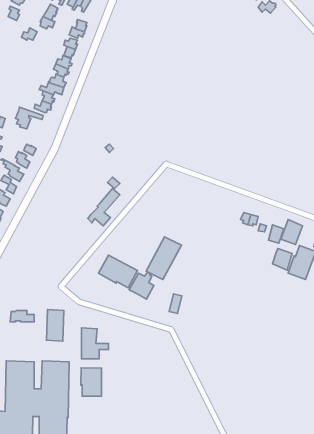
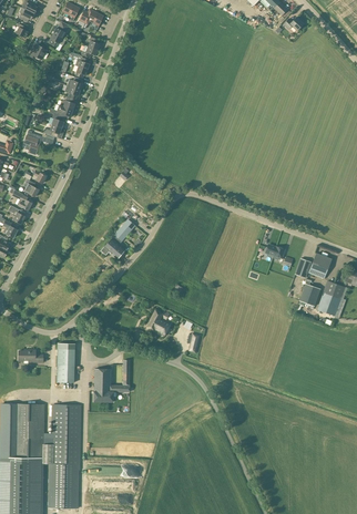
building: [146,237,181,280] -> none
building: [98,255,137,288] -> none
building: [81,368,102,396] -> none

